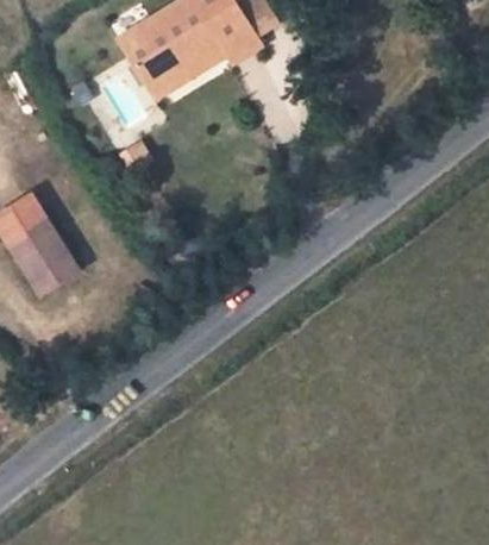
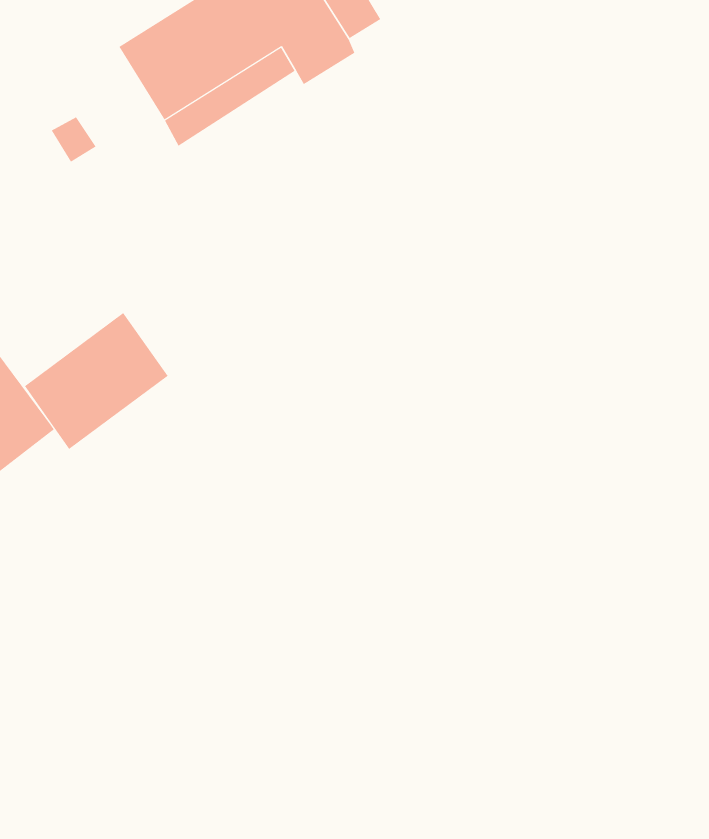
building: none -> [24,312,168,450]

